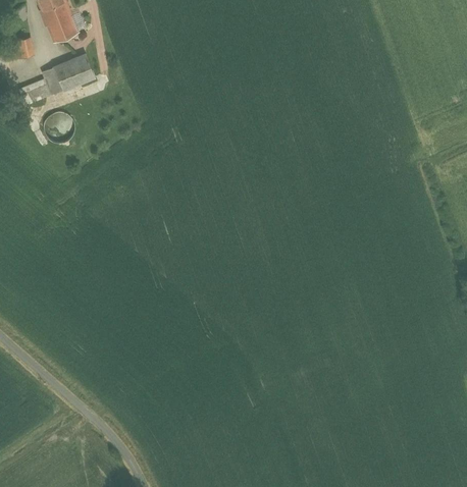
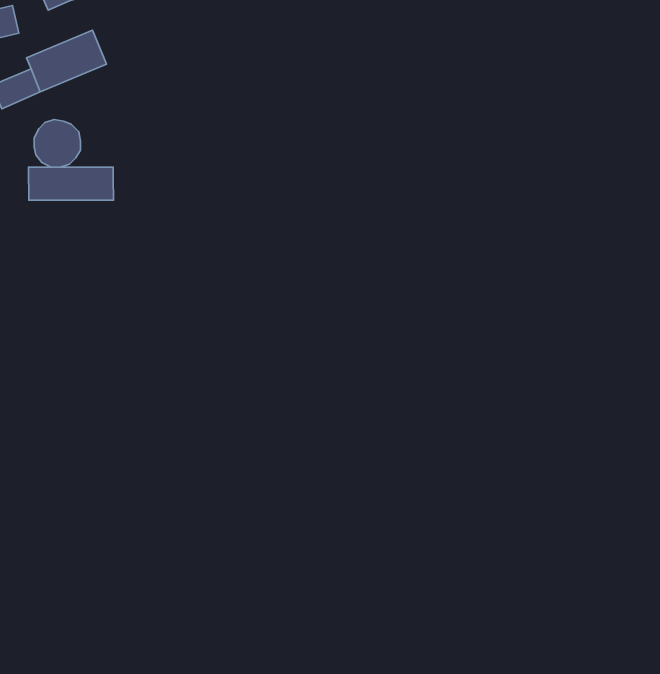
building: none -> [29,167,114,200]

